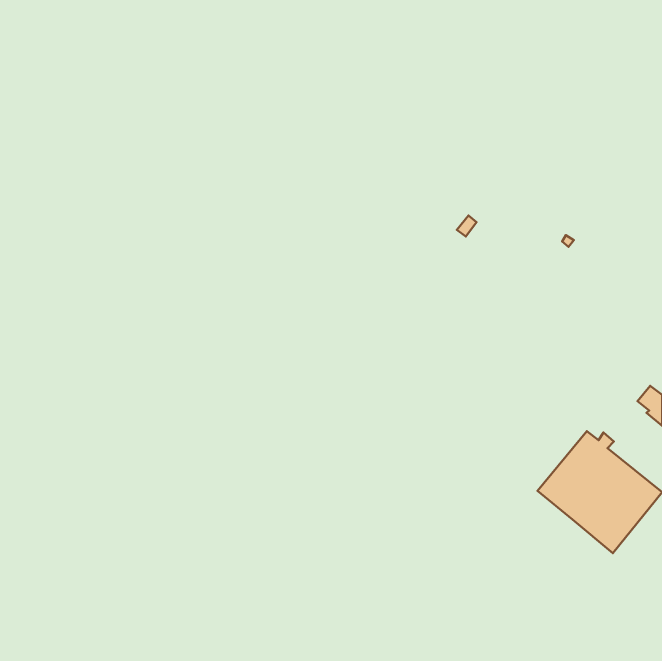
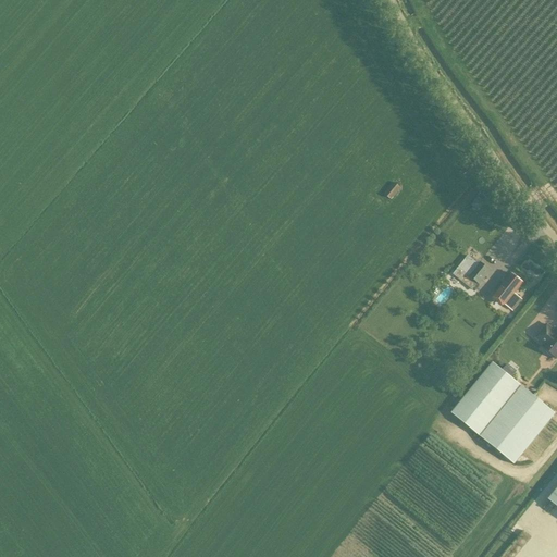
building: none -> [453,253,490,287]
building: none -> [492,272,521,309]

